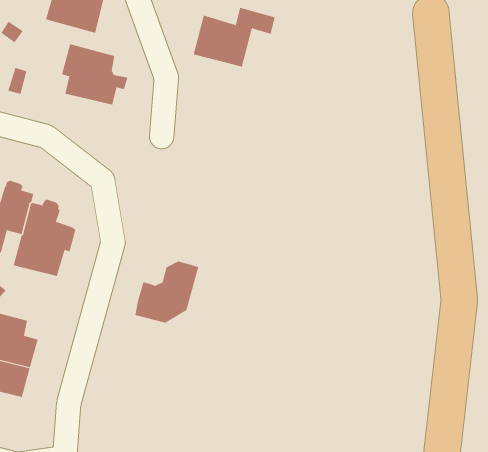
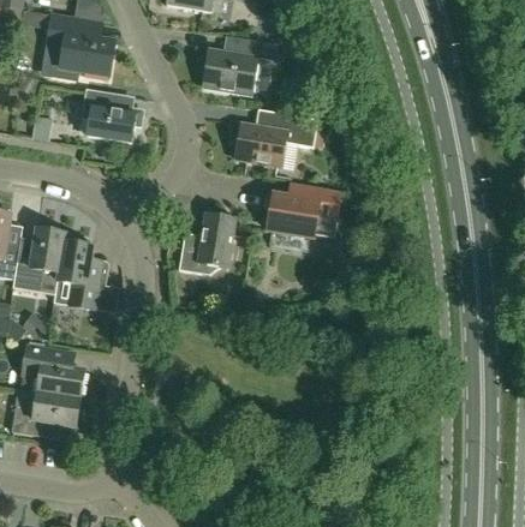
building: none -> [235,112,318,166]
building: none -> [268,185,341,236]
building: [134,261,199,323] -> [179,214,235,274]

